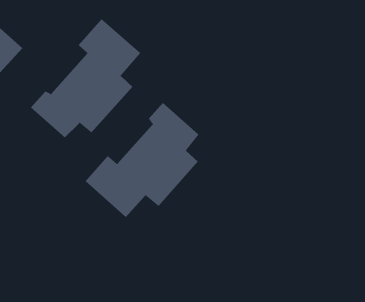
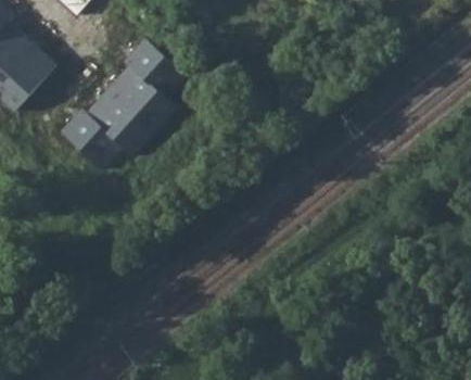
building: [85,102,199,218] -> none

